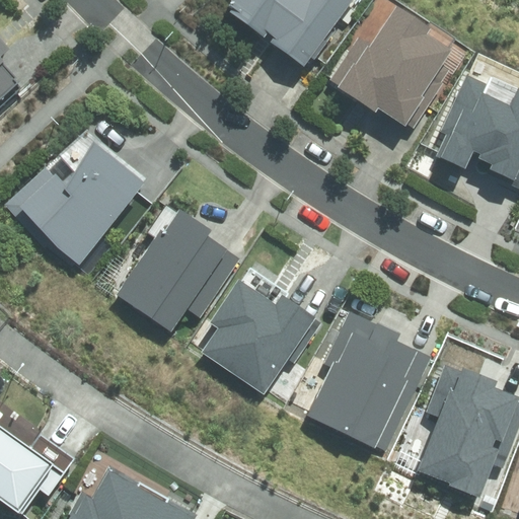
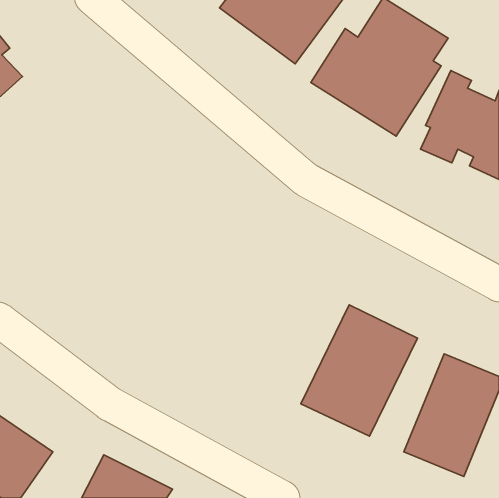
building: [11,143,145,267] -> none
building: [115,207,237,335] -> none
building: [205,286,309,392] -> none

